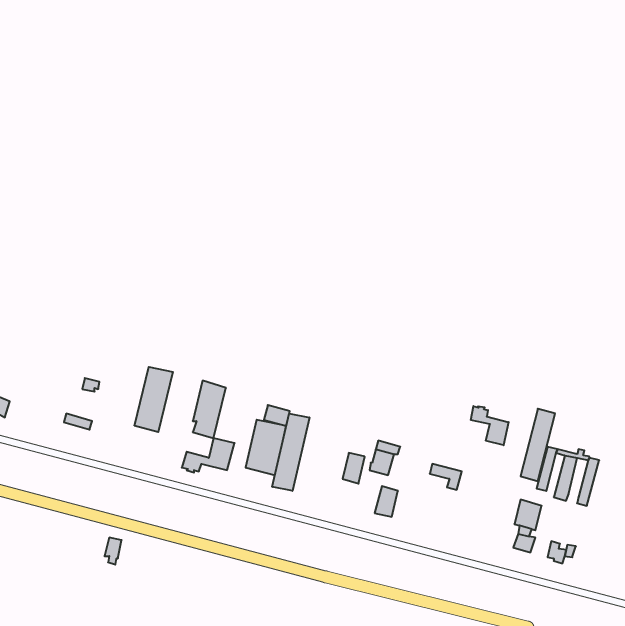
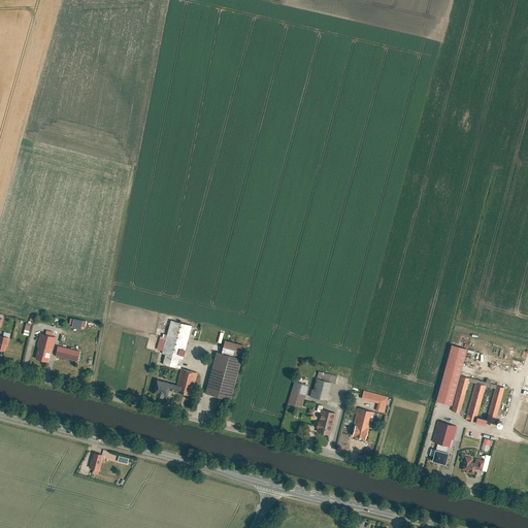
building: [135,367,173,432] -> none
building: none -> [34,334,55,363]
building: [471,406,509,445] -> none
building: [272,413,309,491] -> none
building: none -> [351,408,372,439]

